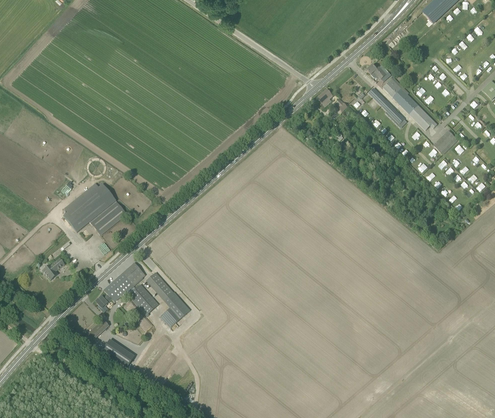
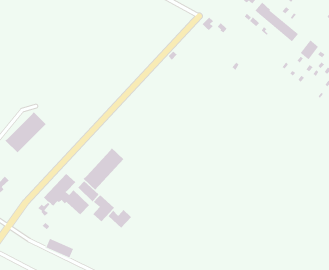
building: [90,201,126,234] -> none
building: none -> [83,148,124,191]
building: none -> [108,209,132,229]

